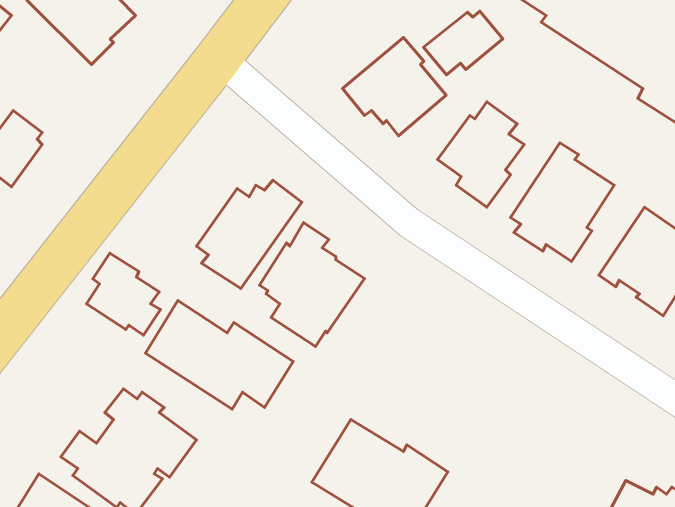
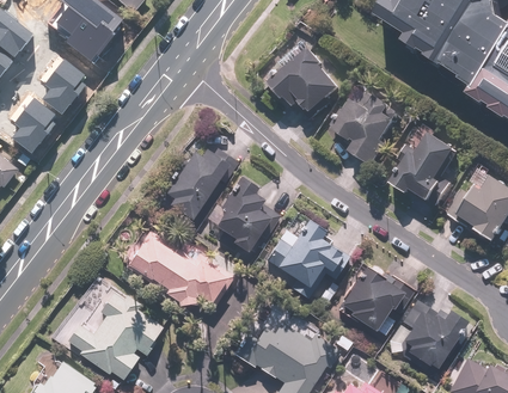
building: [423,11,503,75] -> none
building: none -> [43,60,86,112]
building: [86,253,160,335] -> none
building: none -> [263,211,349,301]
building: none -> [341,262,414,337]
building: none -> [397,301,470,371]

